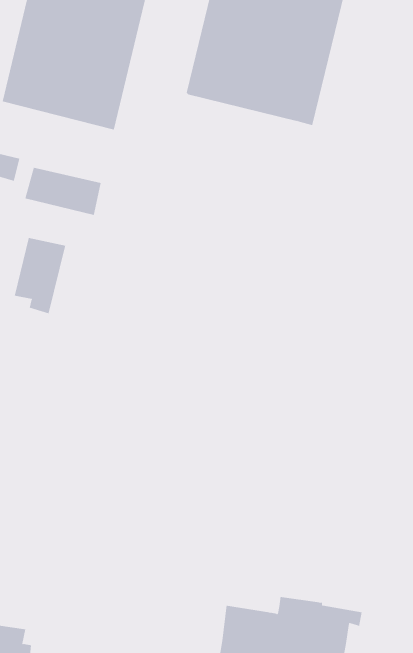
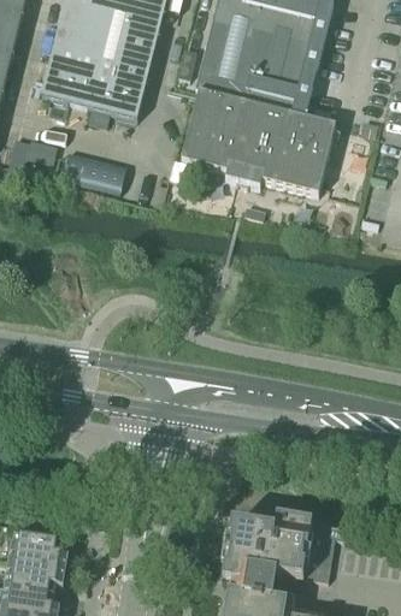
building: none -> [181,89,335,192]
building: [14,237,66,314] -> none

